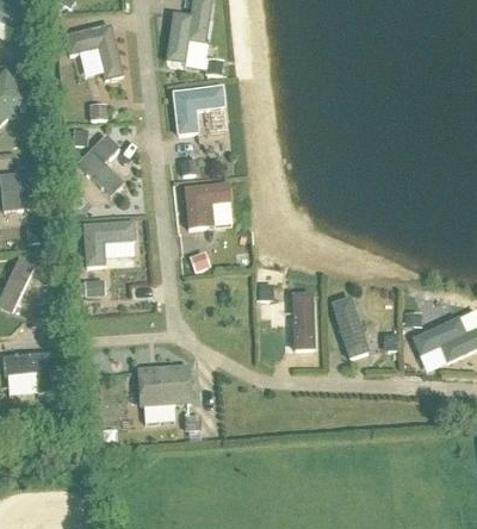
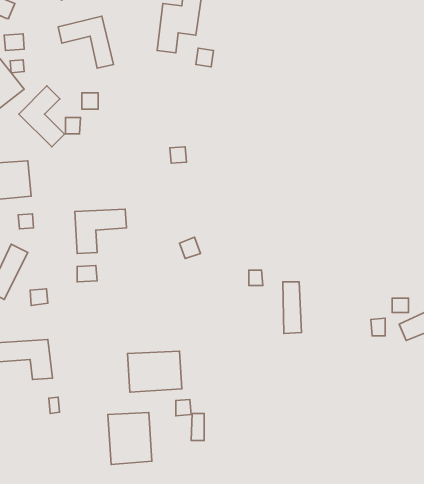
building: [172,85,224,135] -> none
building: [78,133,124,195] -> [19,86,65,147]
building: [184,183,230,228] -> none
building: [330,294,368,356] -> none
building: none -> [108,412,152,465]

